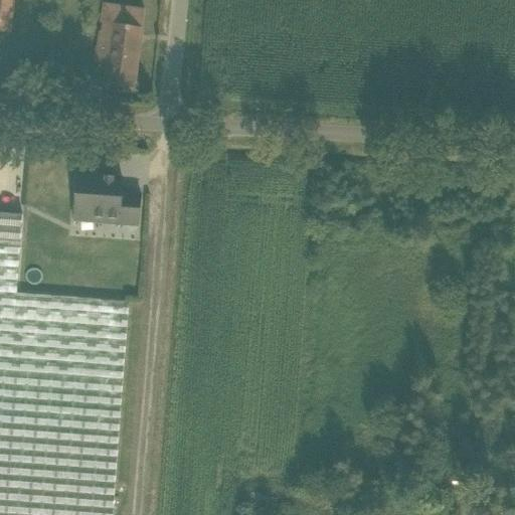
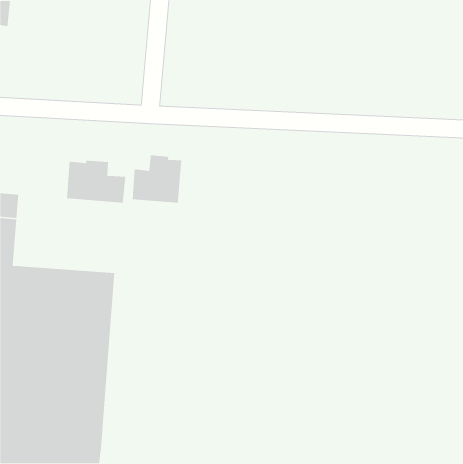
building: [94,4,143,90] -> none
building: none -> [132,155,182,204]

